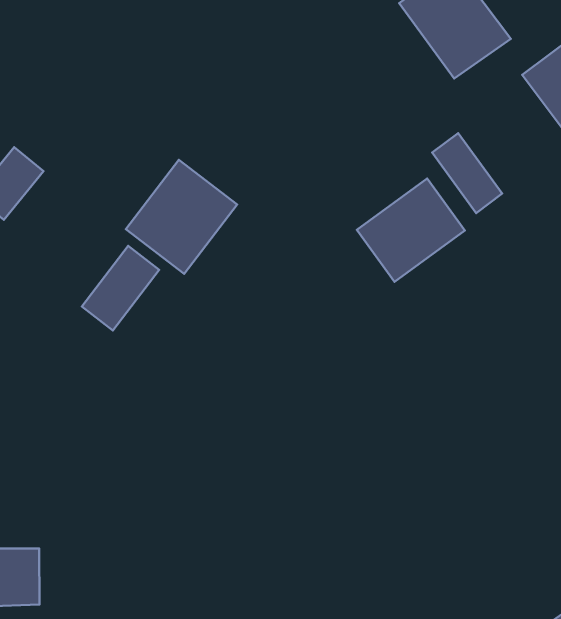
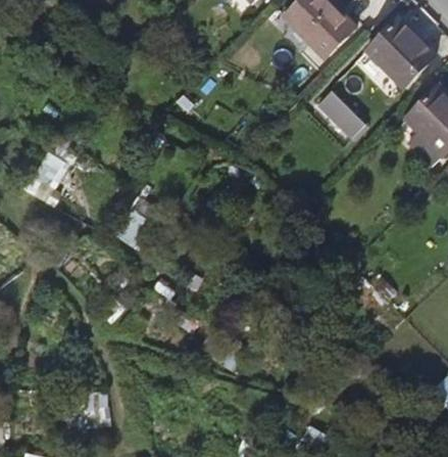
building: [126,160,237,274] -> none
building: [357,179,465,282] -> none

